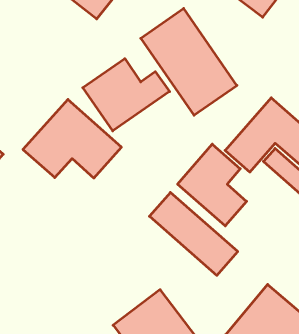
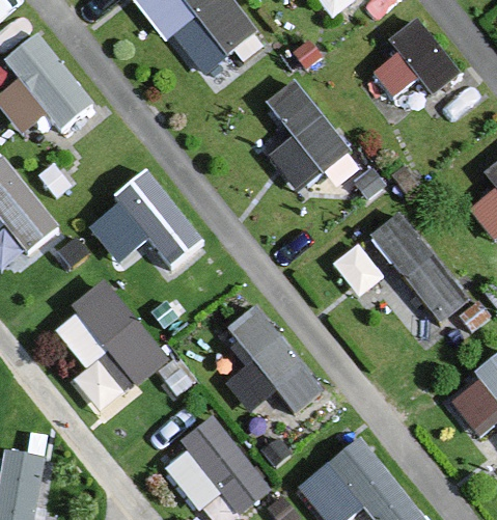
building: [83,59,170,131] -> none
building: [178,144,247,226] -> none
building: none -> [55,284,172,398]

